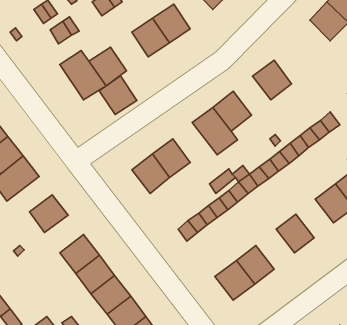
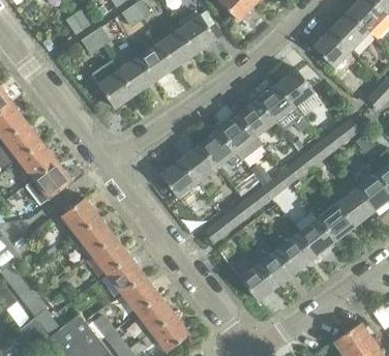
building: none -> [313,30,360,76]
building: [99,76,137,115] -> [140,41,176,79]
building: none -> [258,84,307,131]
building: none -> [200,128,242,167]
building: none -> [318,202,354,239]
building: none -> [77,217,114,254]
building: none -> [279,231,317,269]

